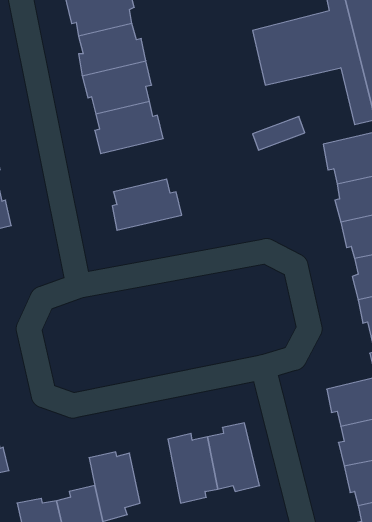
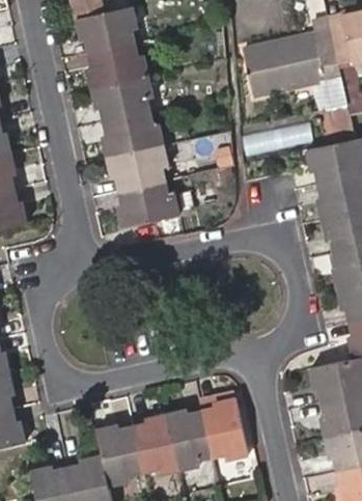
building: none -> [106,144,167,192]
building: none -> [132,413,177,474]

